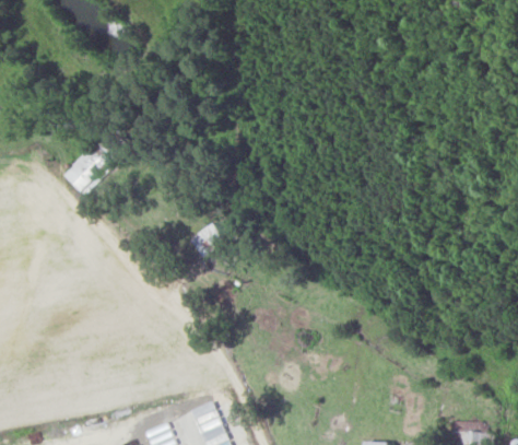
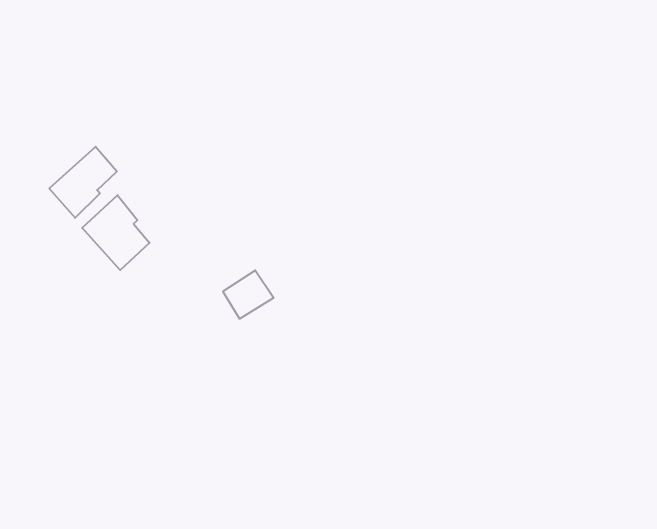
building: none -> [82,195,150,270]

